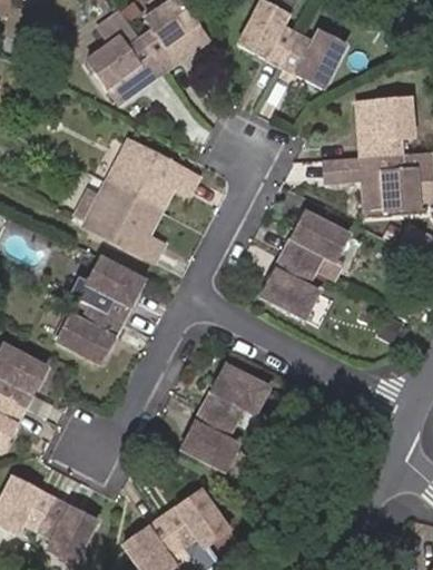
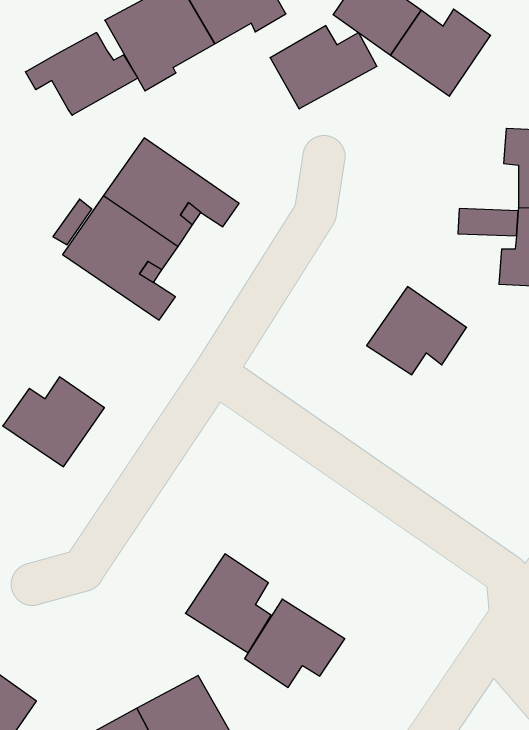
building: none -> [270,26,377,109]
building: none -> [25,33,138,115]
building: [83,258,140,321] -> none
building: [266,258,323,322] -> none
building: [210,365,275,423] -> [245,599,345,687]

